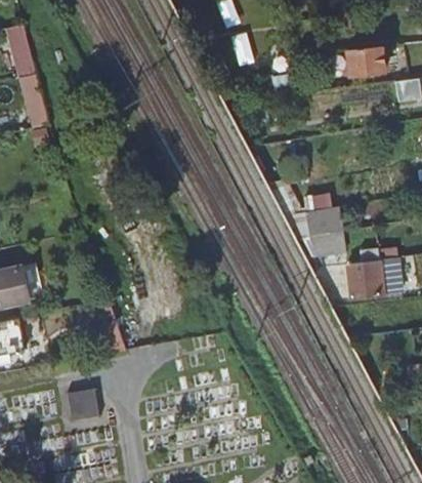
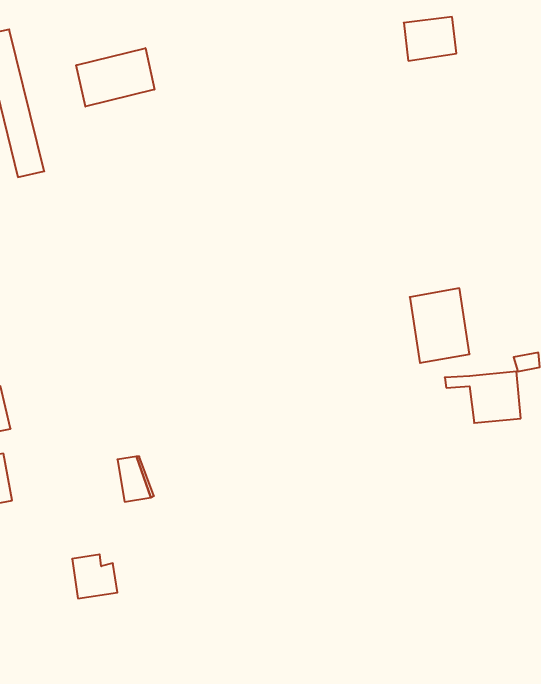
building: none -> [76,48,154,107]
building: [347,46,384,77] -> [404,17,456,61]

